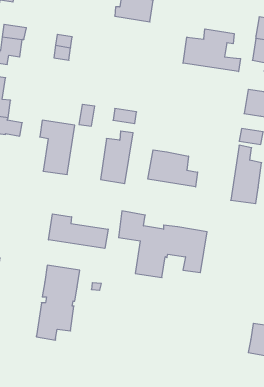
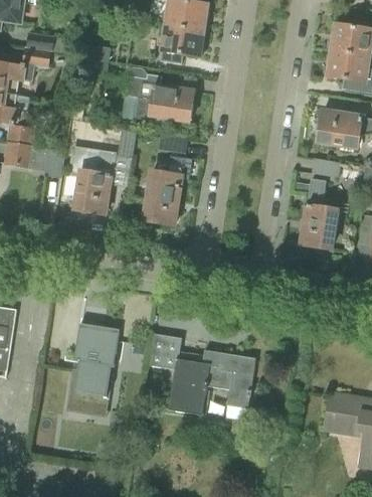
building: none -> [159,22,203,63]
building: [183,29,241,72] -> none
building: none -> [127,72,194,120]
building: [148,150,198,187] -> none
building: [119,211,207,278] -> [149,334,255,415]
building: [49,214,108,248] -> none

